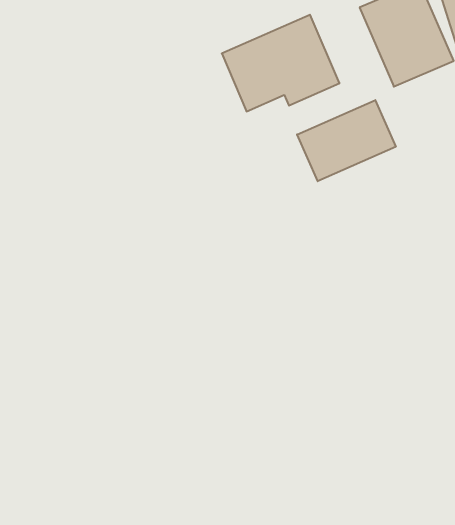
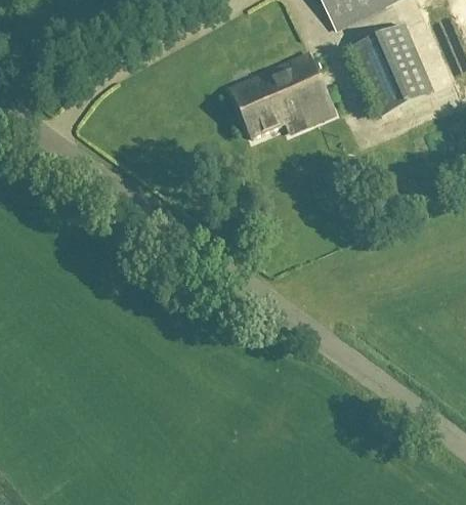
building: [297,100,396,181] -> none

